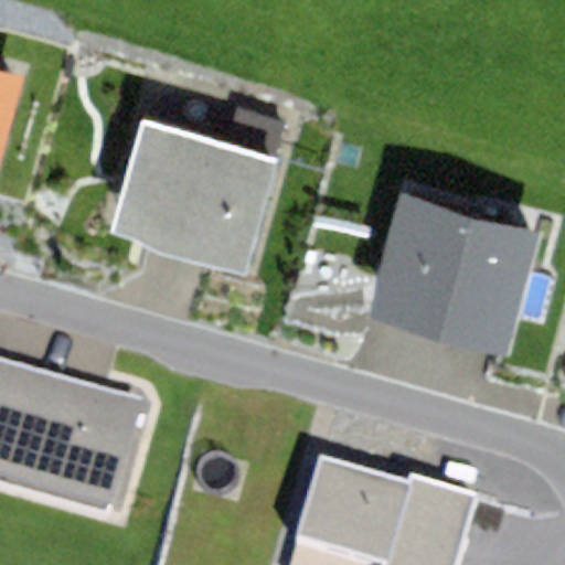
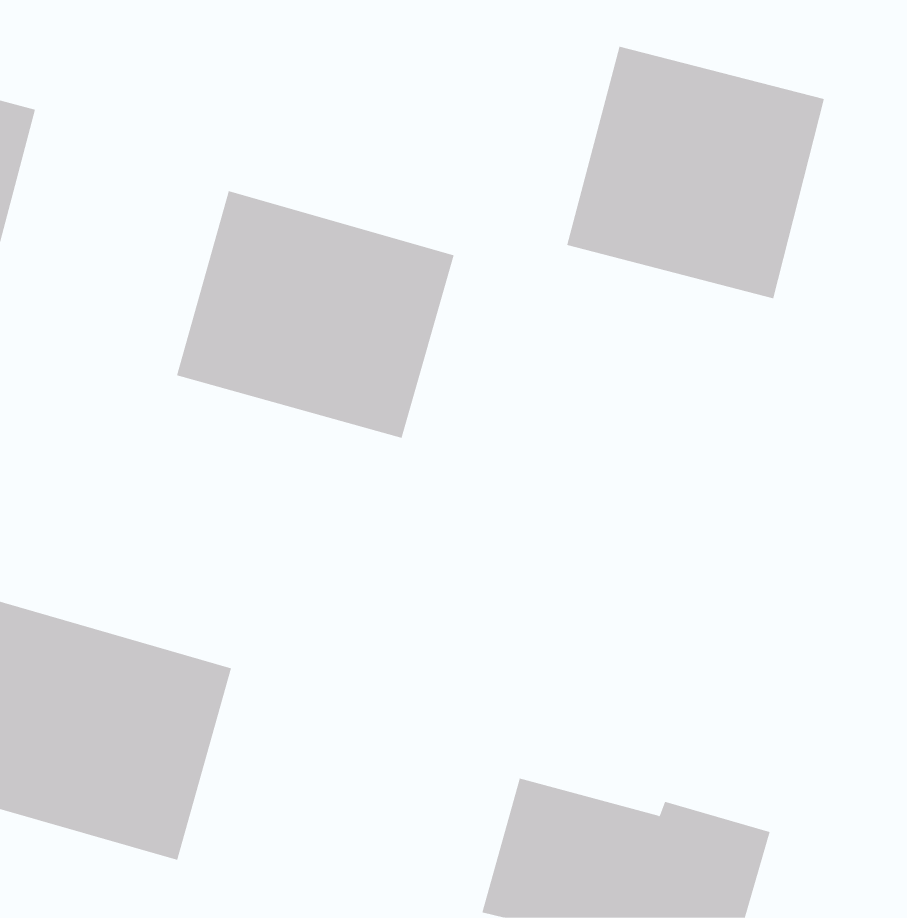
building: none -> [566,46,824,299]
building: [369,193,537,348] -> none

